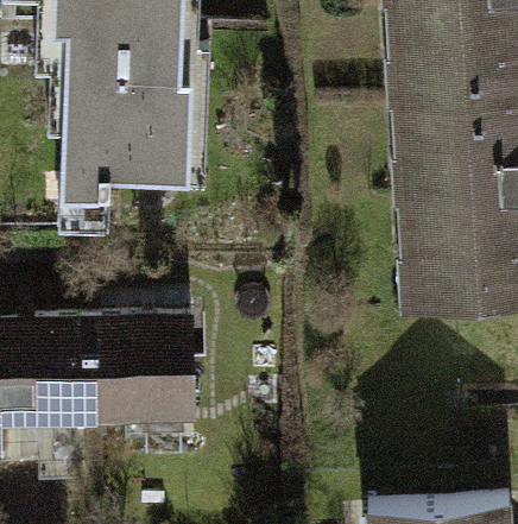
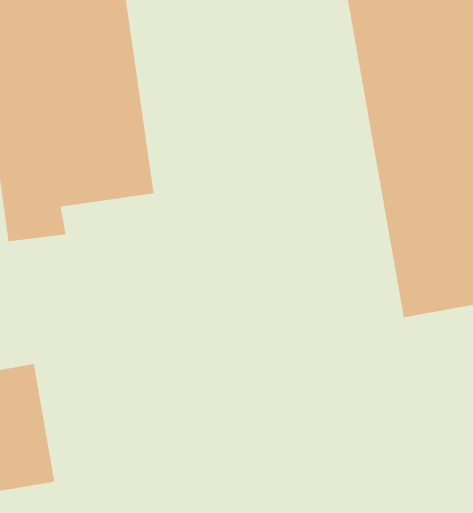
building: [91,308,207,416] -> none

